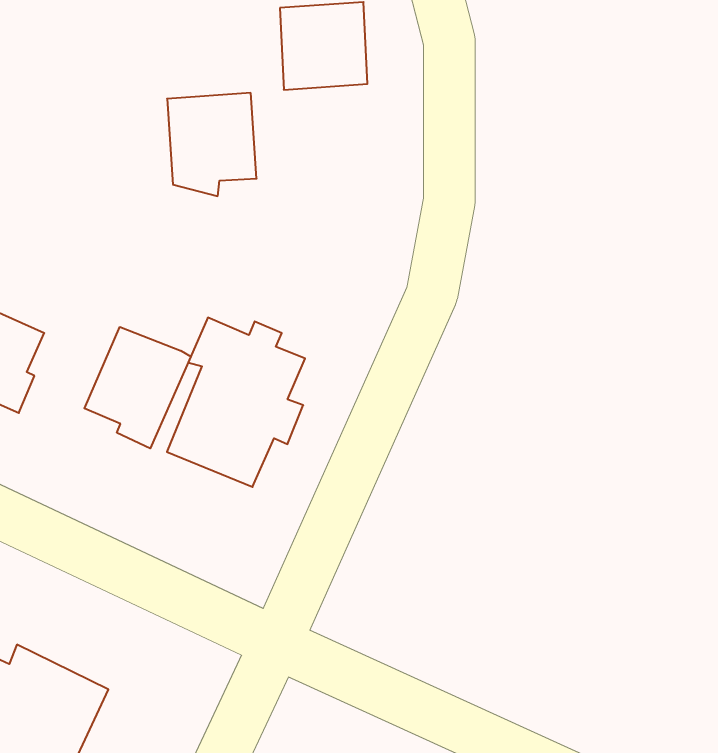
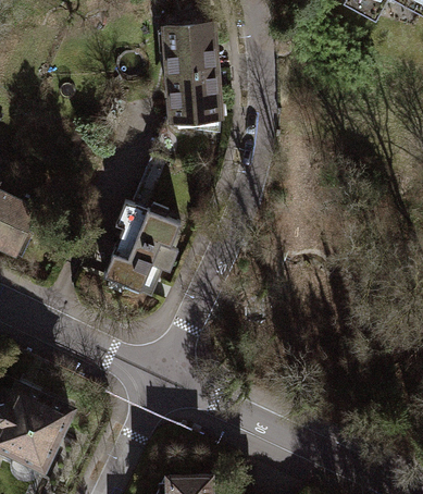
building: [167,93,257,196] -> [169,71,219,128]
building: [84,327,191,448] -> none

